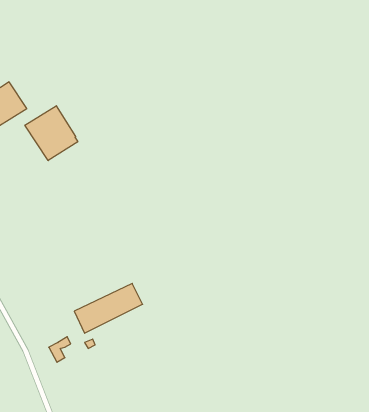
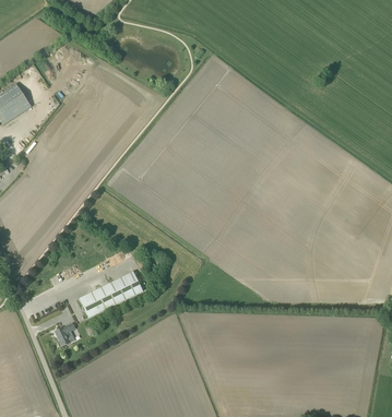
building: [25,106,78,161] -> none

